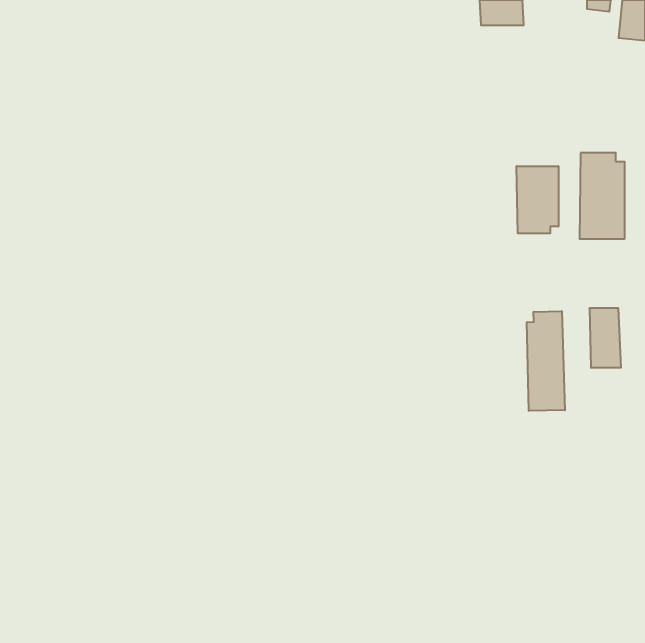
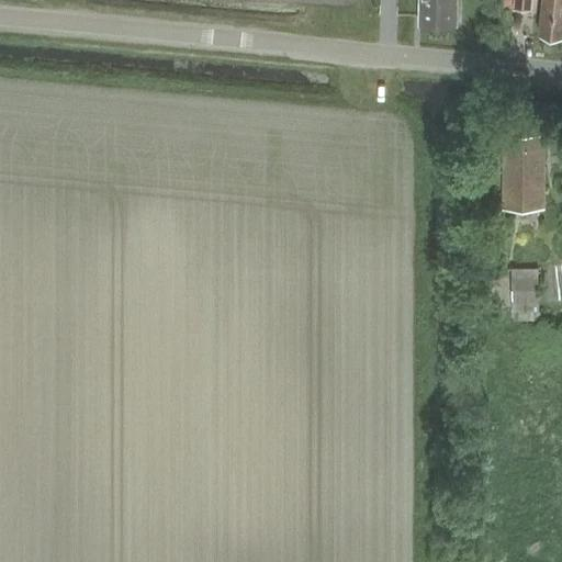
building: [517,166,558,233] -> none
building: [527,311,565,411] -> none

